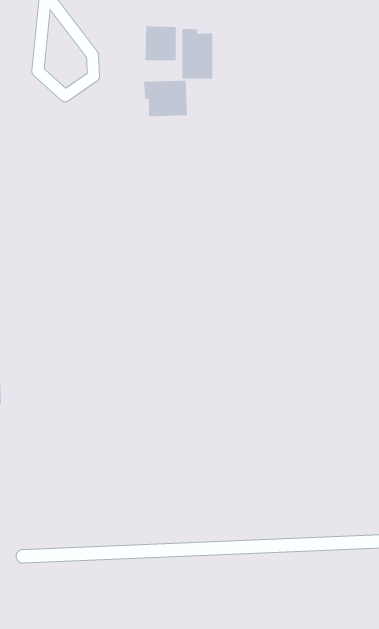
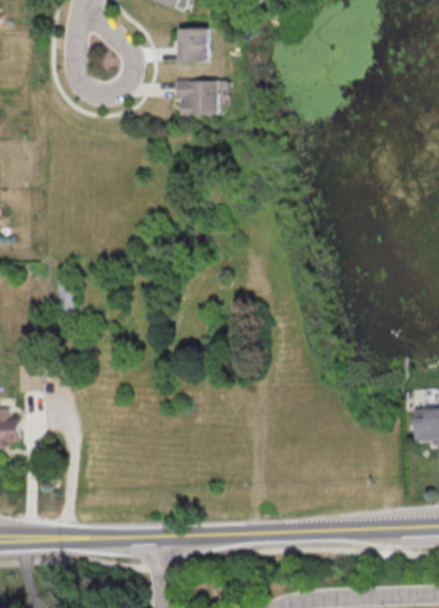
building: [181,28,213,80] -> none

